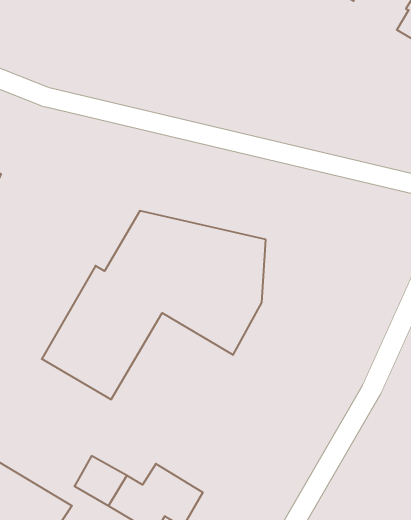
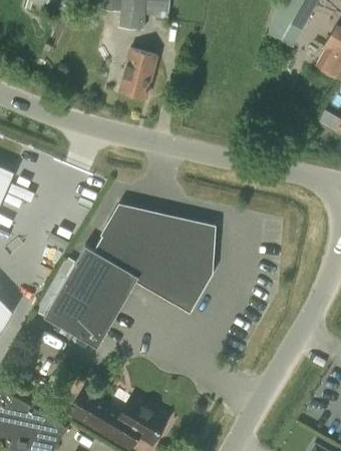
building: none -> [119,50,157,100]

